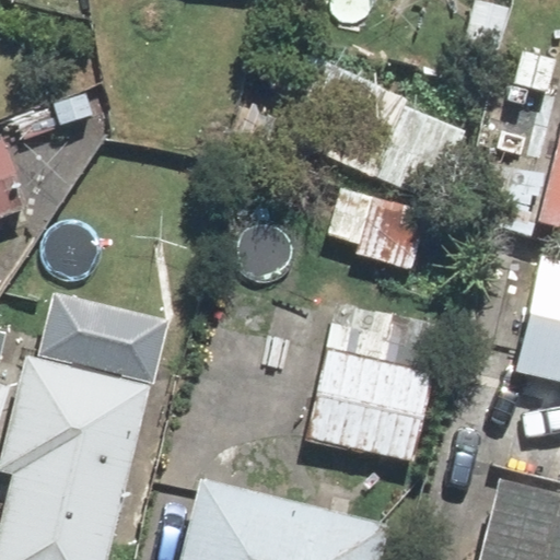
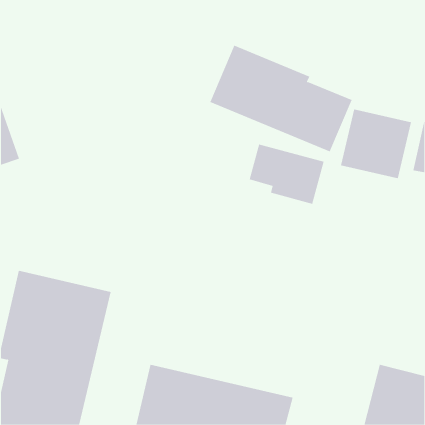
building: [38,293,167,383] -> none
building: [307,304,433,462] -> none

